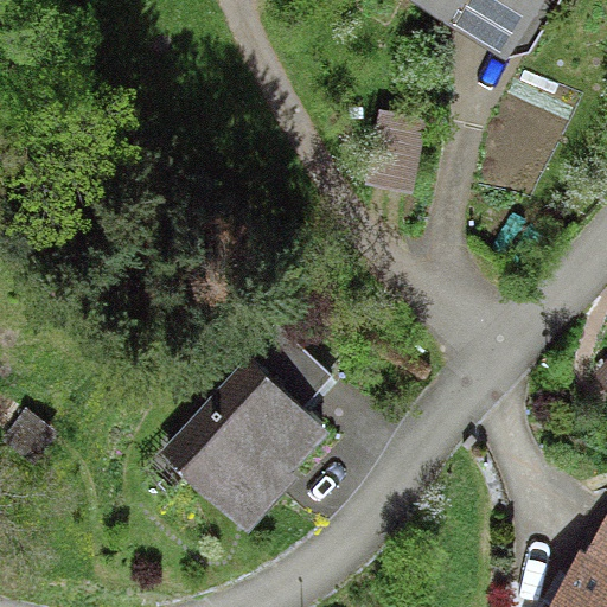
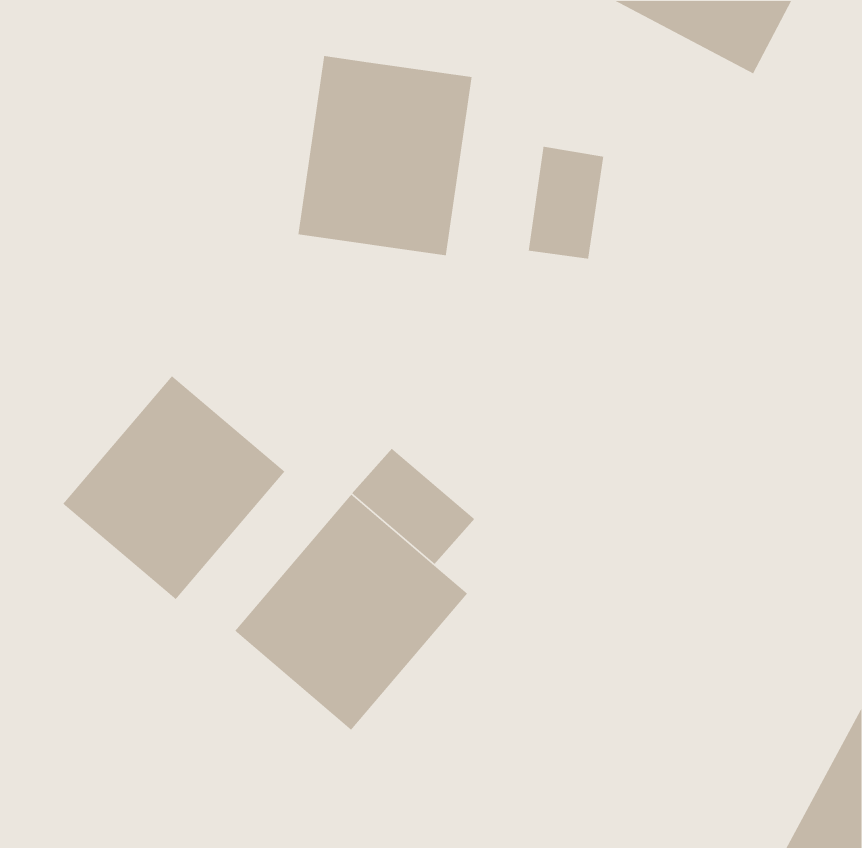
building: none -> [297,55,473,256]
building: none -> [62,375,285,600]

